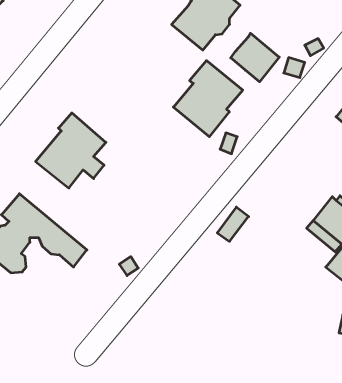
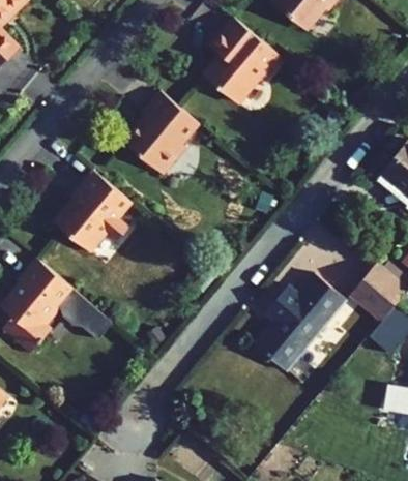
building: [231,33,279,82] -> none
building: [173,61,243,137] -> [124,92,200,175]
building: none -> [256,274,347,371]

